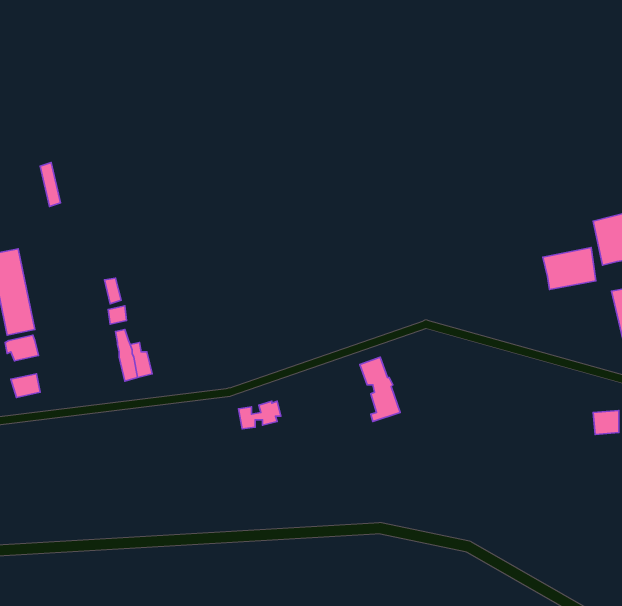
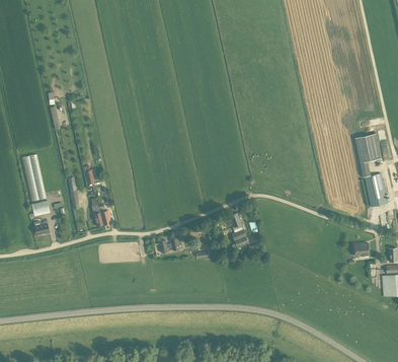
building: [543,248,596,290] -> none

